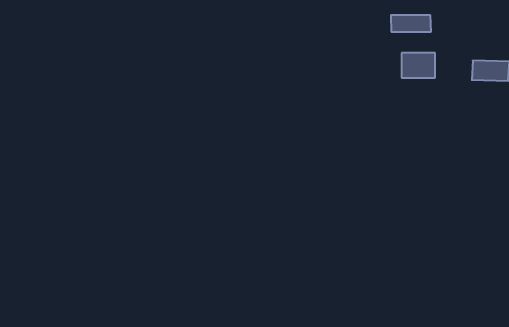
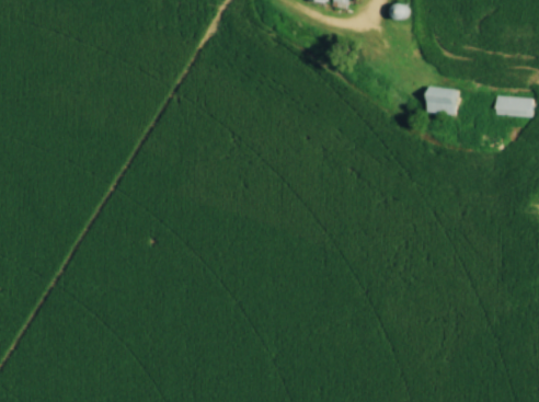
building: [391,15,431,32] -> none

